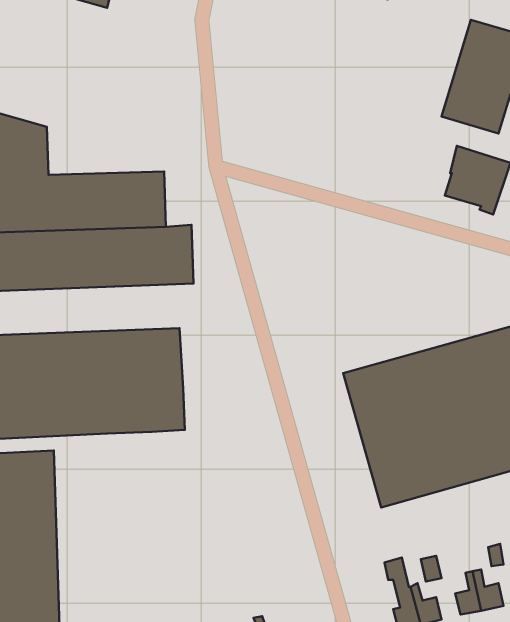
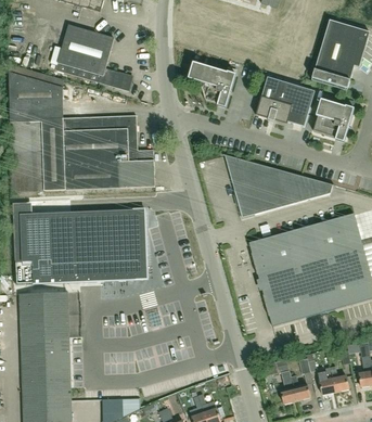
building: none -> [55,25,132,90]
building: none -> [189,62,235,106]
building: none -> [256,77,316,127]
building: none -> [223,153,335,217]

